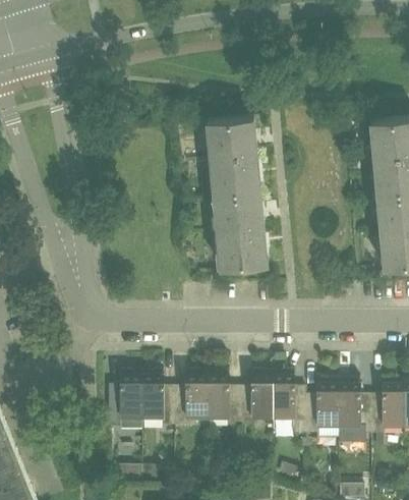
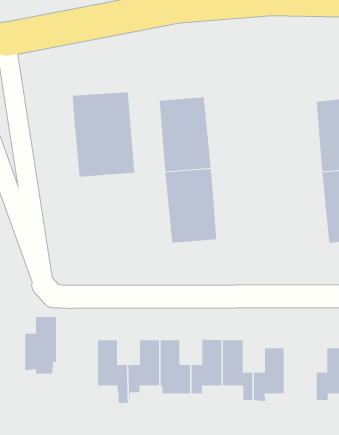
building: none -> [72,92,135,178]
building: [108,373,141,433] -> [25,317,57,374]
building: [337,381,369,436] -> none

